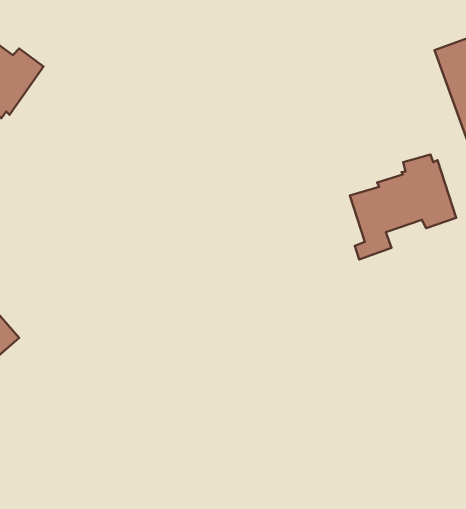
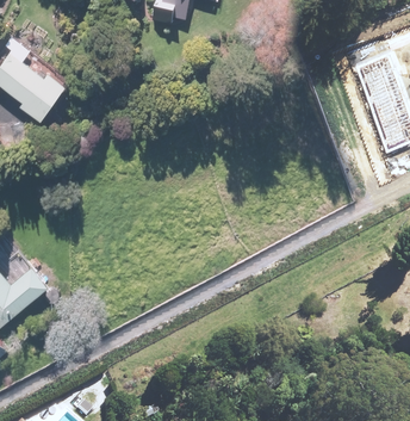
building: [350,154,456,259] -> none

